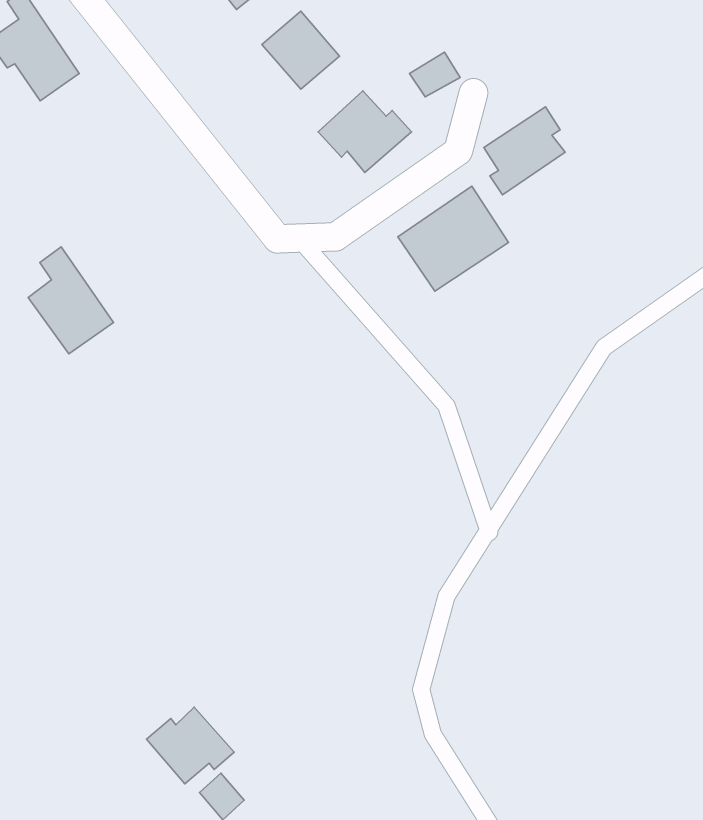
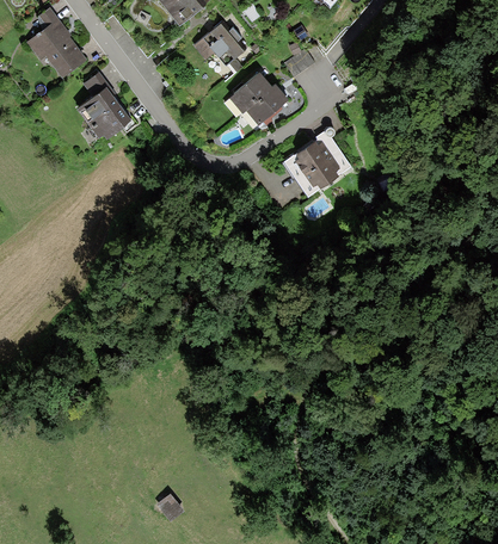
building: [484,107,565,195] -> none
building: [28,247,114,354] -> [79,75,131,141]
building: [146,707,234,784] -> none

